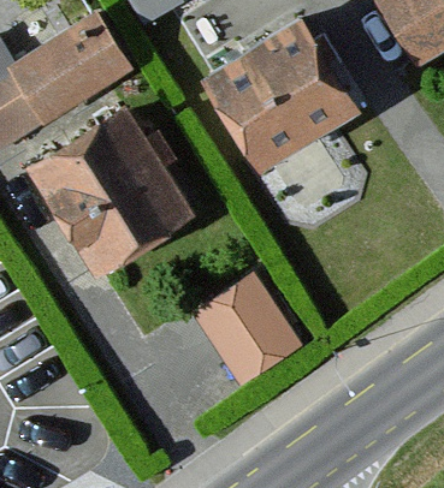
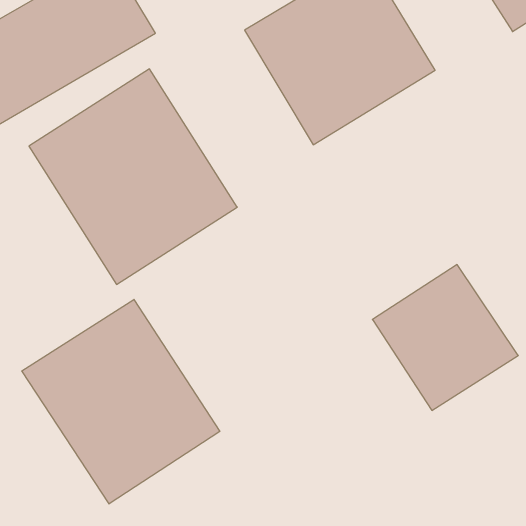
building: [196,264,314,382] -> [372,265,518,410]
building: none -> [22,299,220,504]

